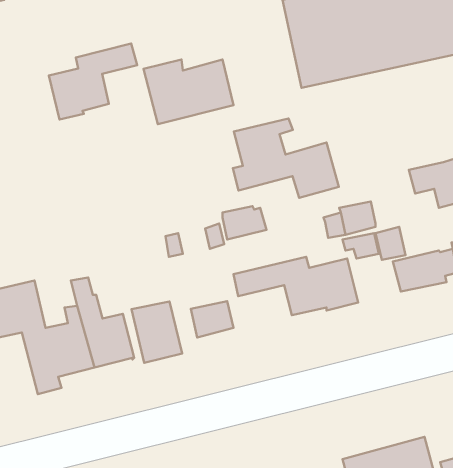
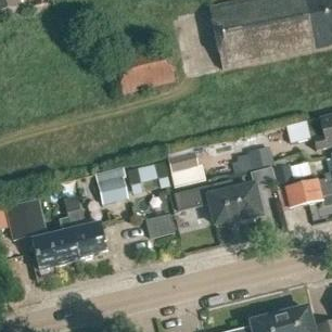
building: [49,44,137,119] -> none
building: [233,119,339,198] -> none
building: [132,301,182,363] -> [94,165,129,207]

